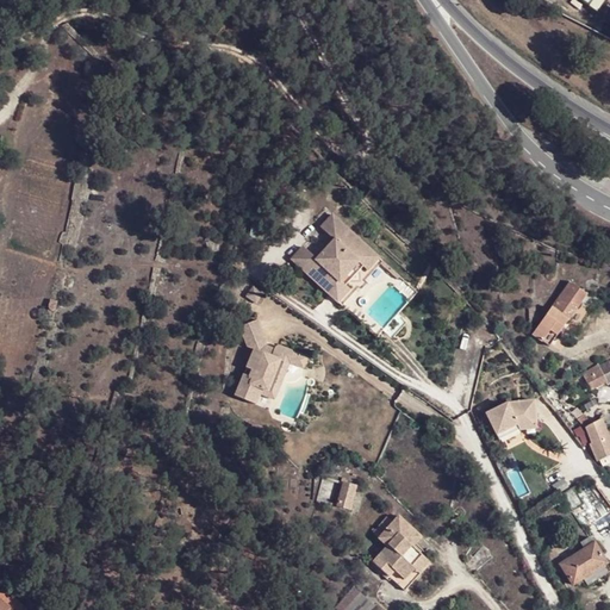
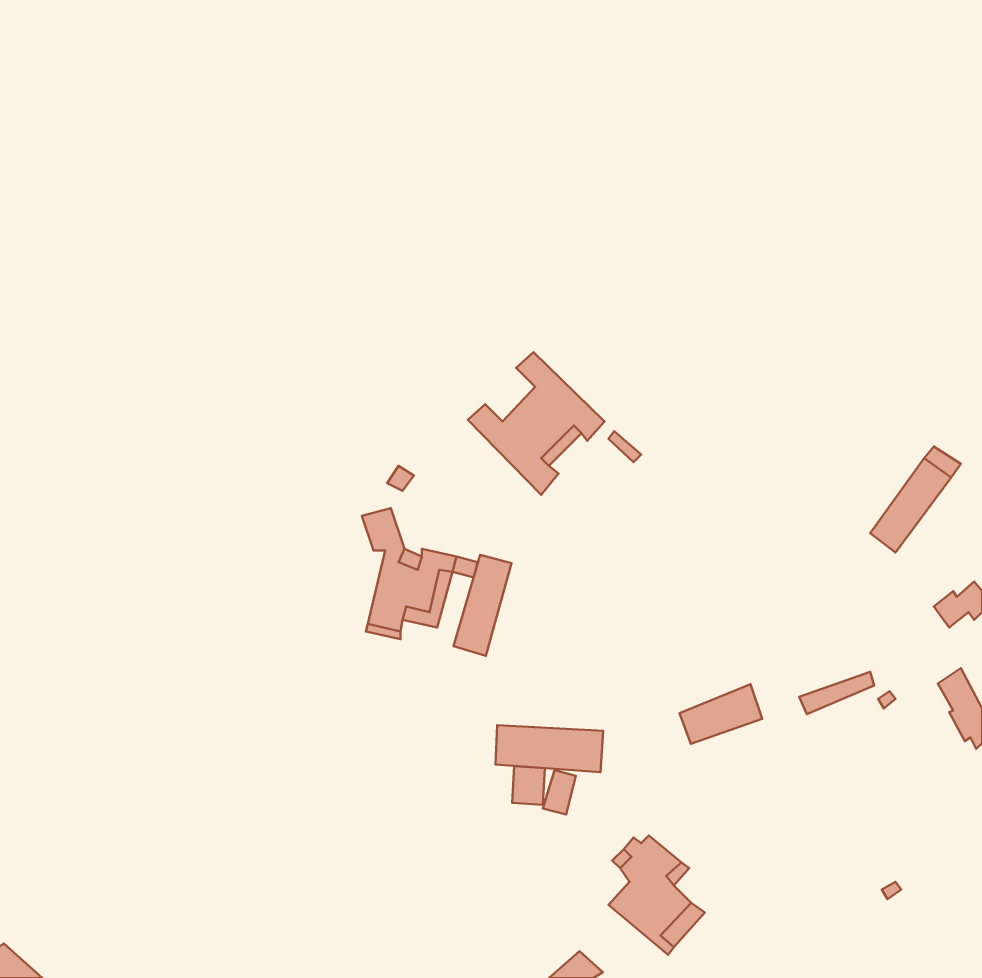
building: none -> [453,555,511,656]
building: [487,394,539,431] -> [679,684,762,744]
building: none -> [496,725,603,772]
building: [560,536,596,579] -> none

